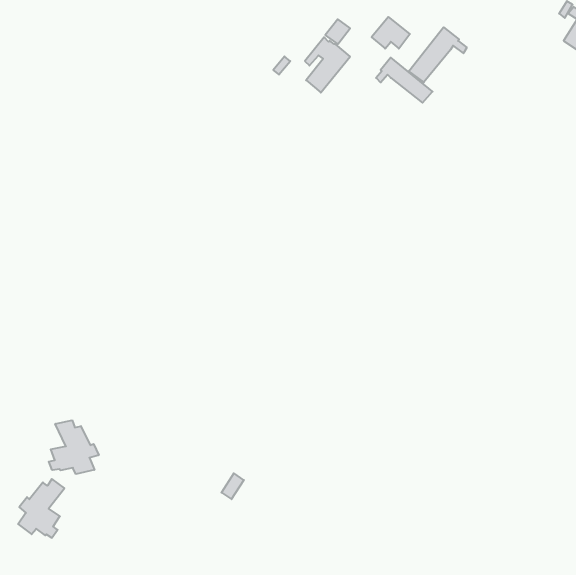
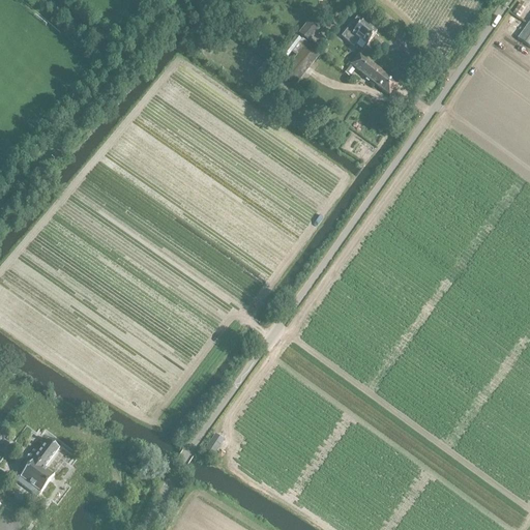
building: [409,27,467,82] -> none
building: [49,420,99,474] -> none

